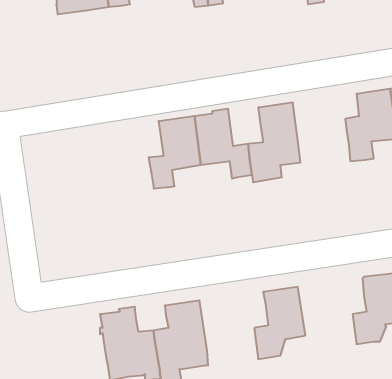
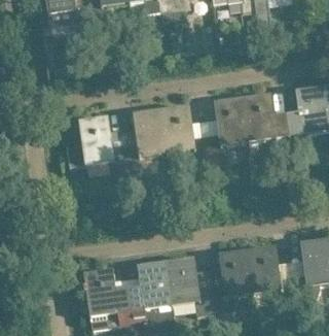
building: none -> [243,91,290,148]
building: none -> [65,114,129,183]
building: none -> [247,243,295,300]
building: none -> [166,255,214,311]

